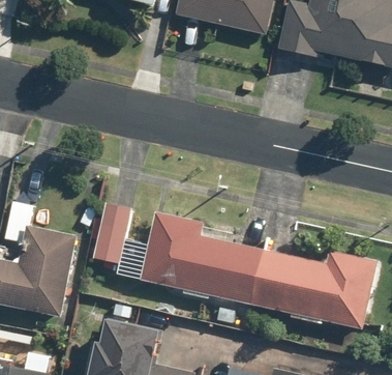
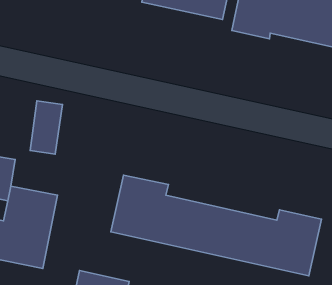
building: [93,202,129,262] -> [30,101,62,154]

